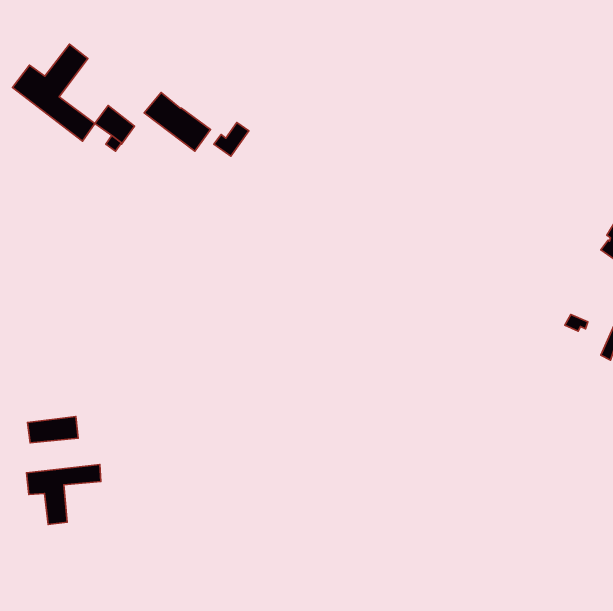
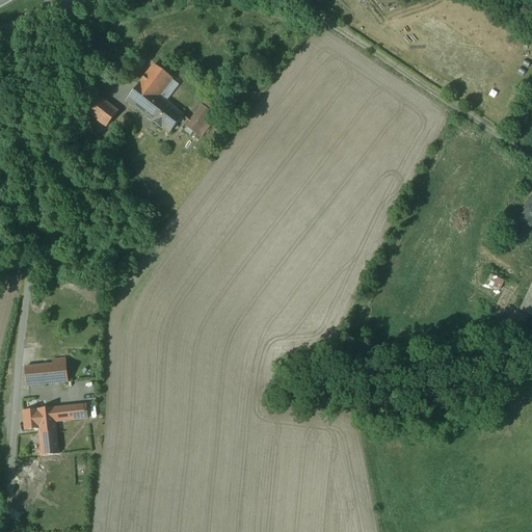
building: [13,44,95,141] -> none
building: none -> [140,62,170,94]

